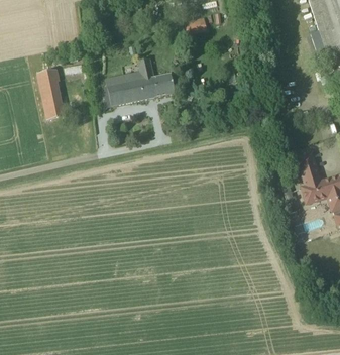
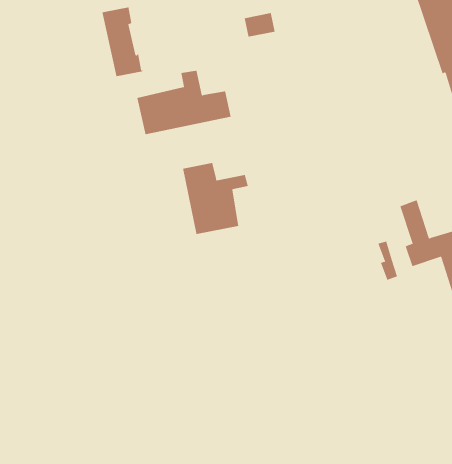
building: [37,69,68,120] -> [102,7,143,77]
building: none -> [182,162,249,235]

